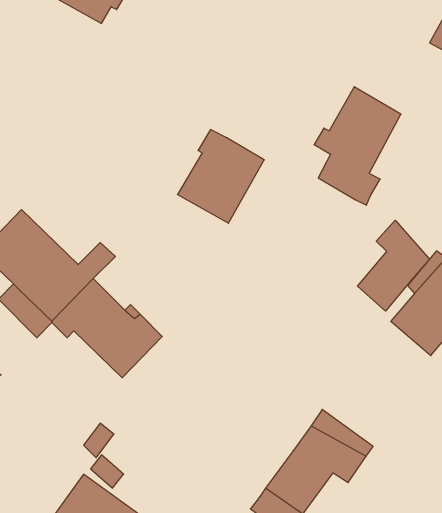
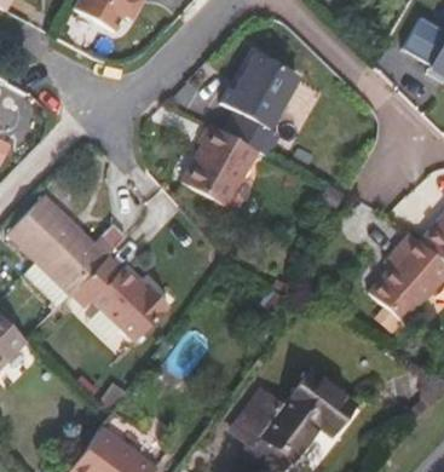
building: [314,87,401,205] -> [223,52,299,156]
building: [357,220,430,311] -> none
building: none -> [230,388,284,447]

